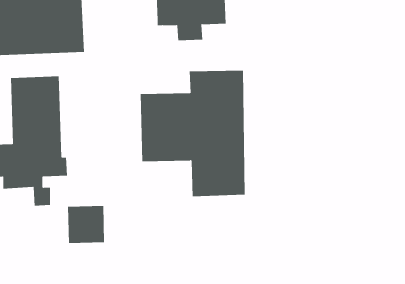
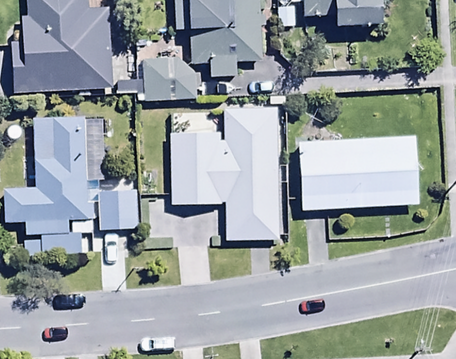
building: none -> [136,54,197,101]
building: none -> [299,133,419,209]
building: [67,206,105,243] -> [100,188,140,228]

